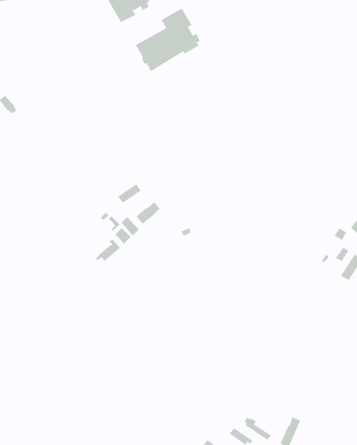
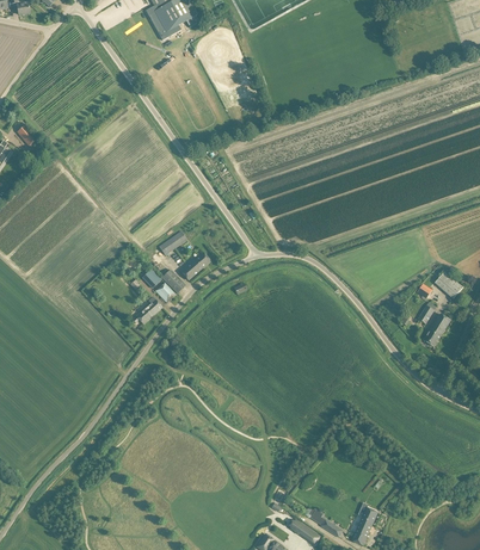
building: [135,8,201,72] -> none

